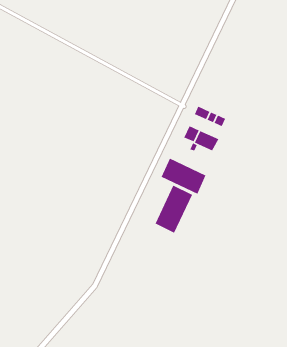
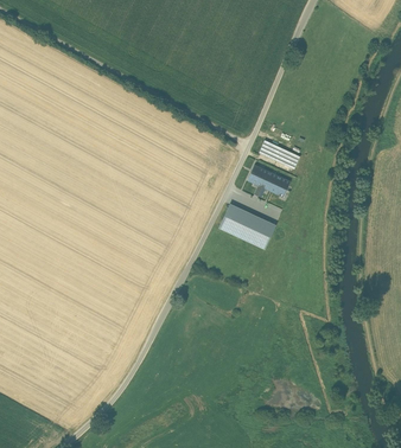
building: [154,184,193,234] -> none

